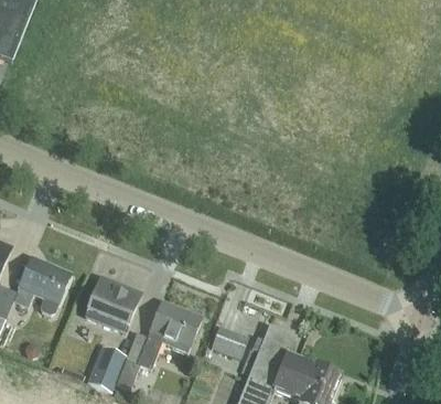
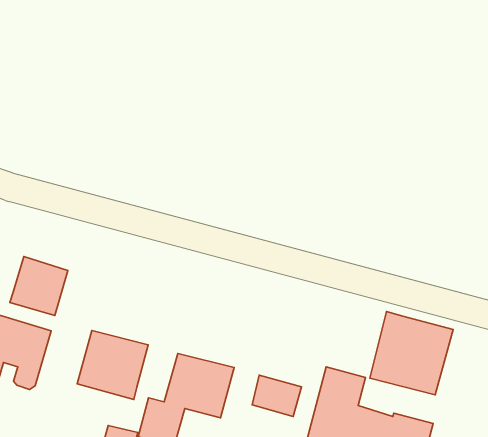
building: none -> [10,256,68,315]
building: none -> [370,312,453,395]

